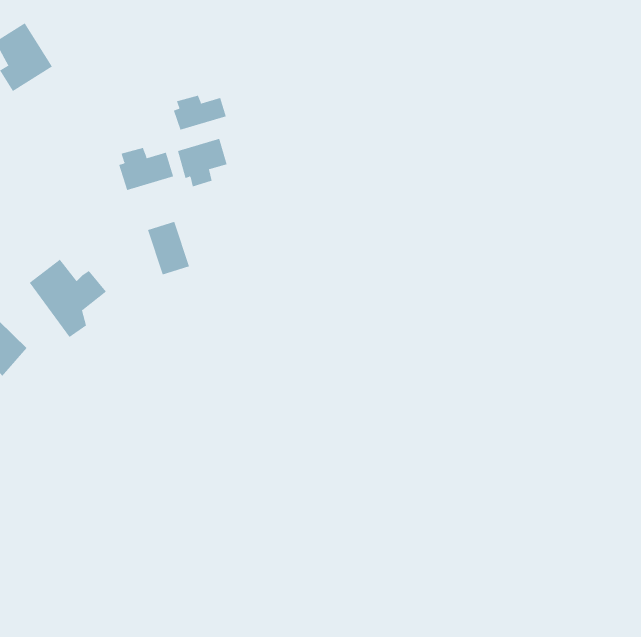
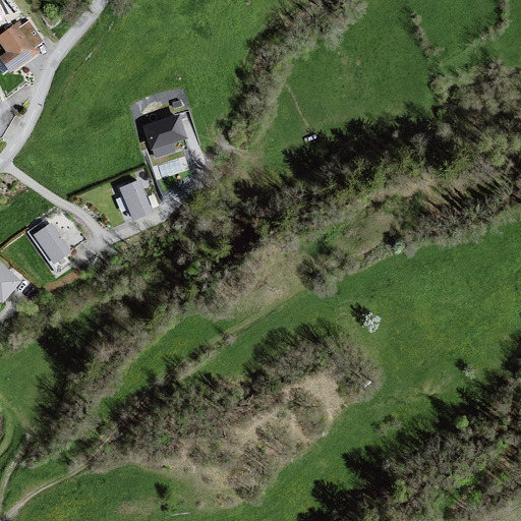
building: [173,95,227,131] -> none
building: [119,147,174,191] -> none

